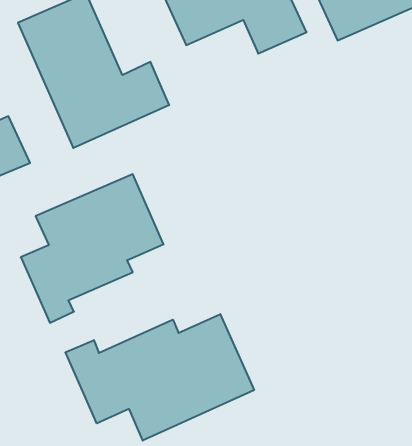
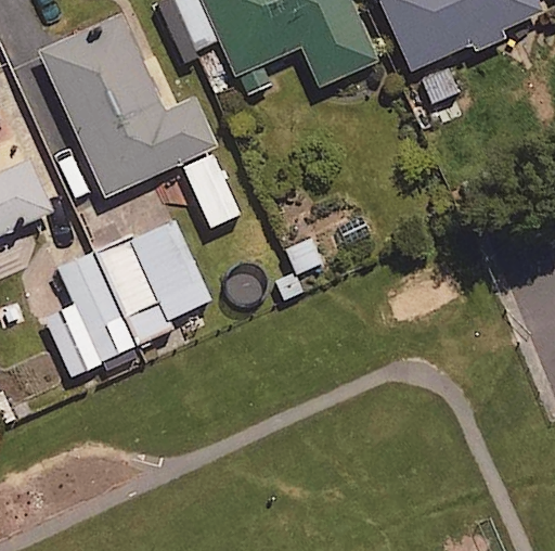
building: [65,314,254,441] -> none

